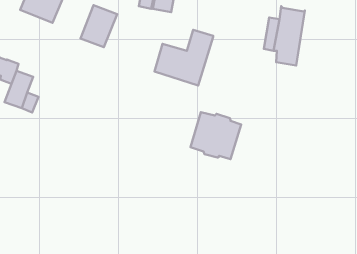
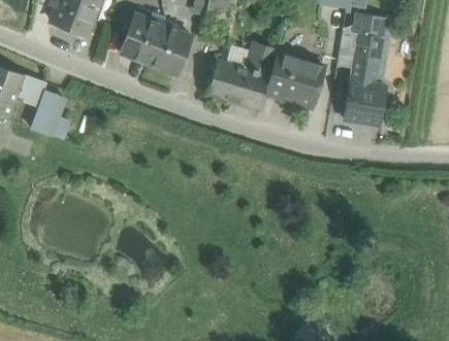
building: none -> [148,25,191,74]
building: none -> [345,81,385,124]
building: [190,112,241,159] -> [264,52,324,107]

